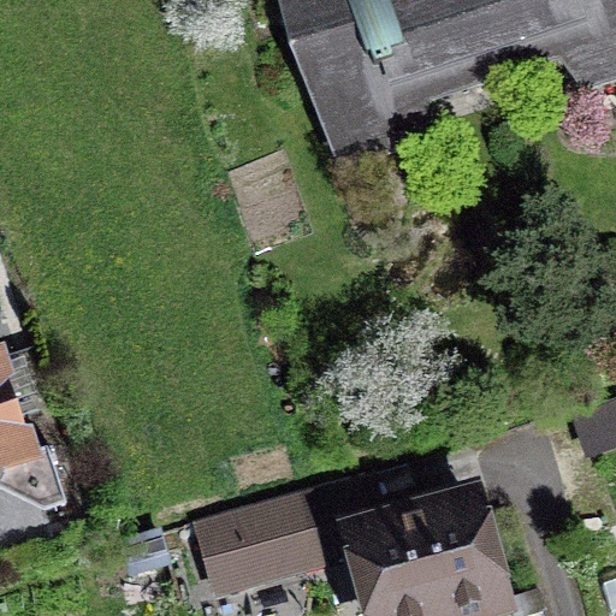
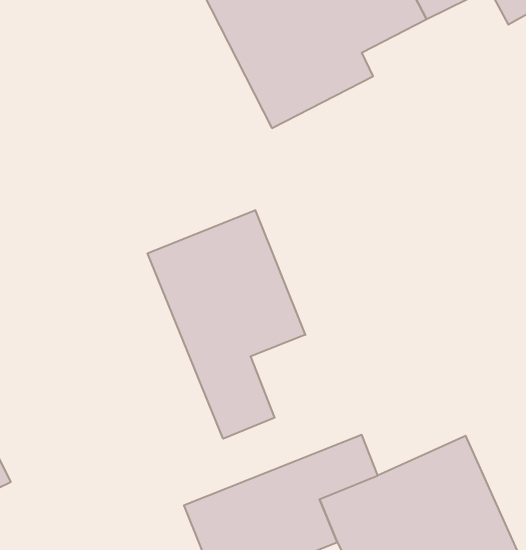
building: none -> [148,210,305,439]

